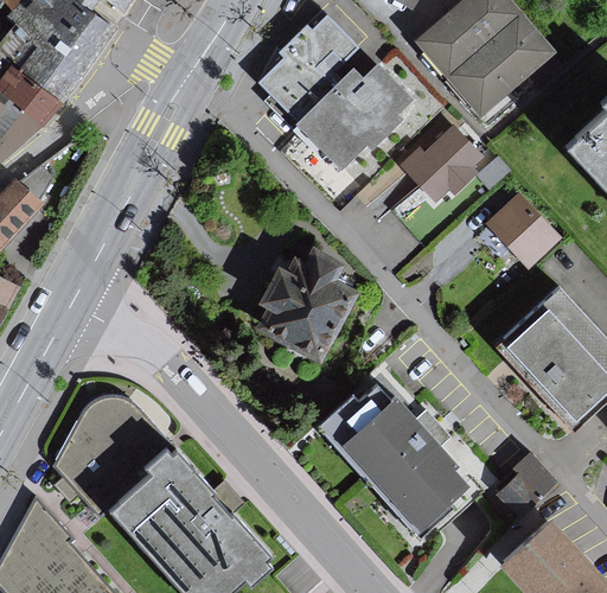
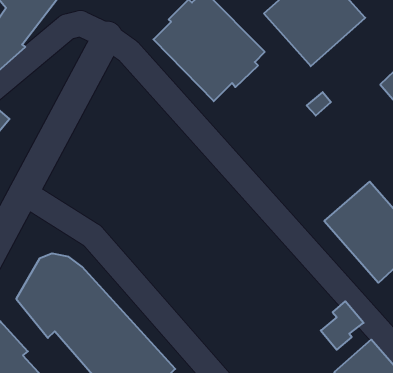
building: [394,130,475,204] -> none
building: [479,197,554,272] -> none
building: [253,250,353,366] -> none
building: [321,364,494,546] -> none

